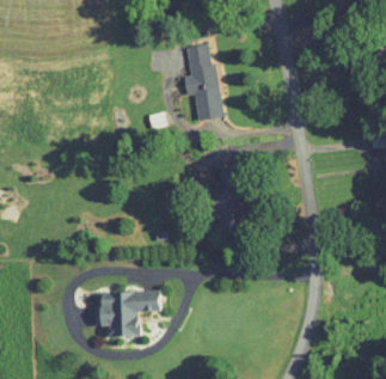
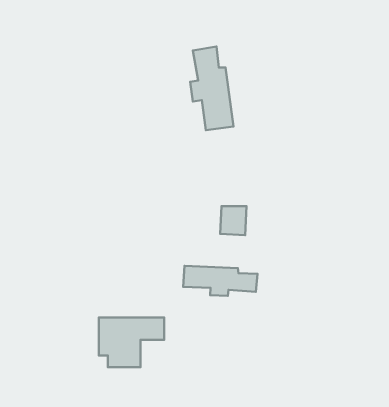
building: none -> [183,266,257,296]

